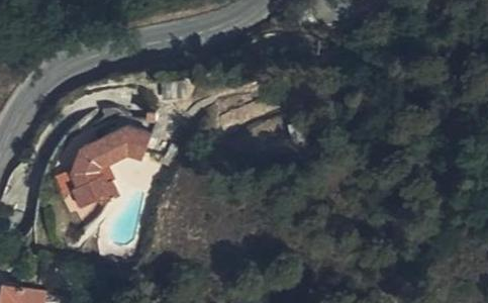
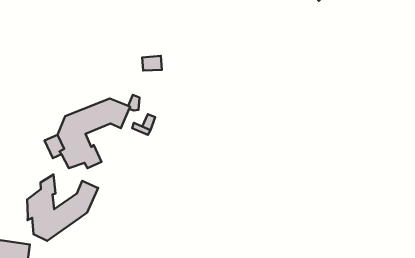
building: none -> [27,175,98,241]

